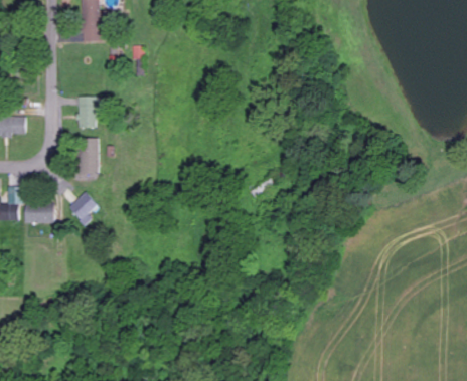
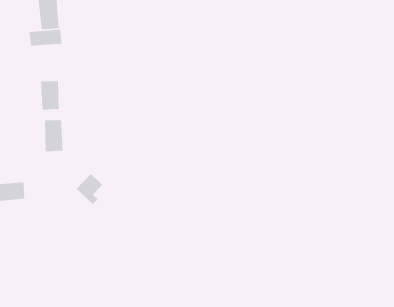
building: none -> [29,29,63,47]
building: [68,192,98,226] -> [76,173,103,205]

